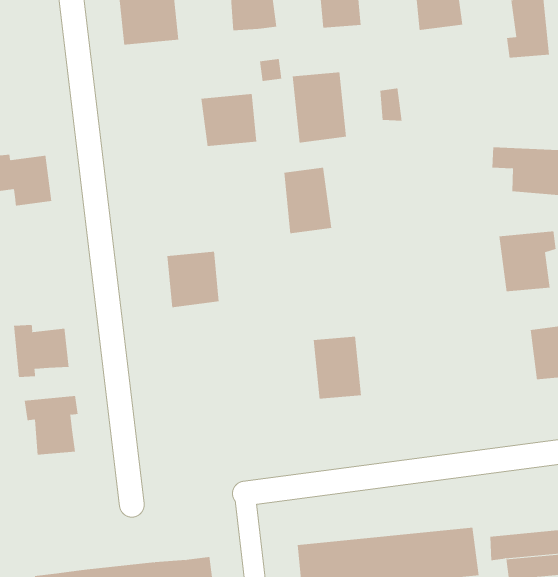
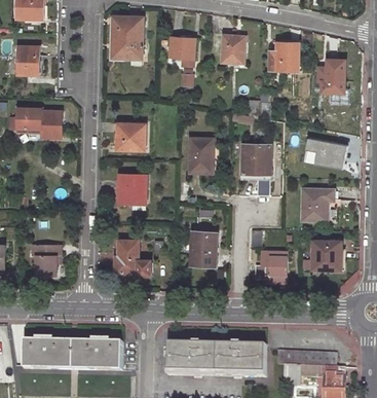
building: [292,72,347,143] -> [241,143,269,180]
building: [201,94,257,147] -> [116,122,145,150]
building: [14,324,69,378] -> none
building: none -> [256,251,288,283]
building: none -> [114,241,151,278]

